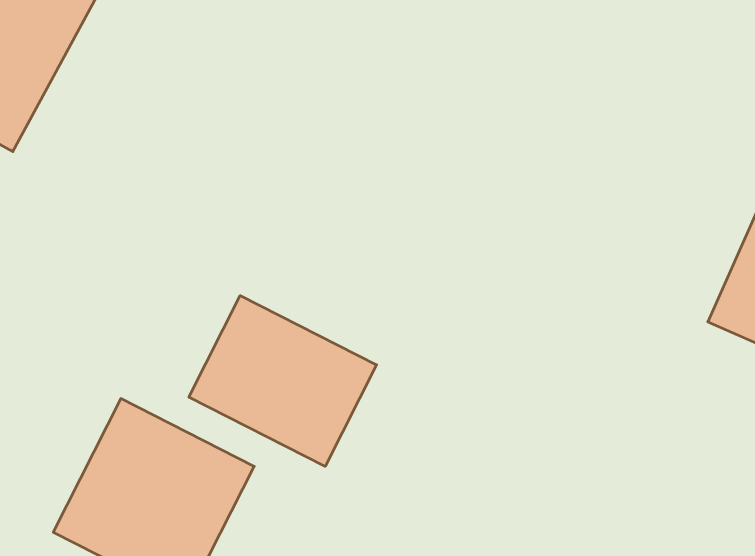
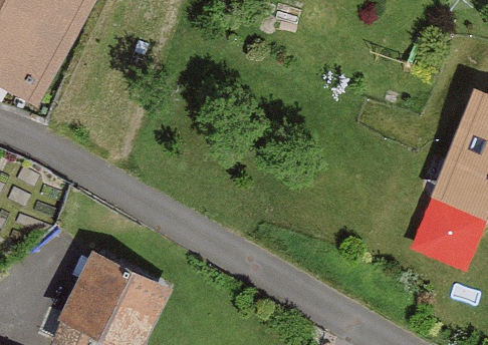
building: [189,296,377,466] -> none

